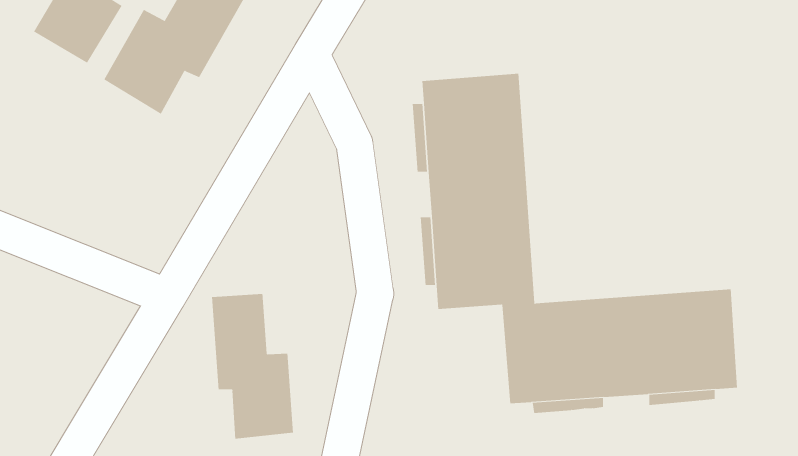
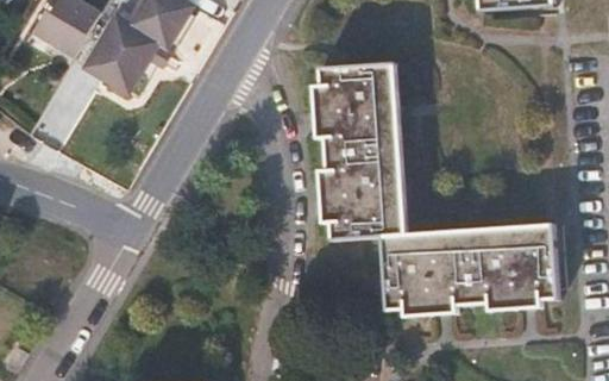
building: [212,293,293,439] -> none

